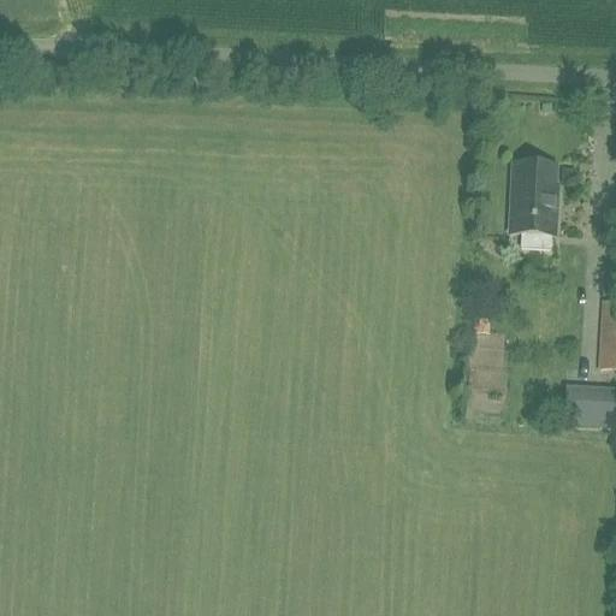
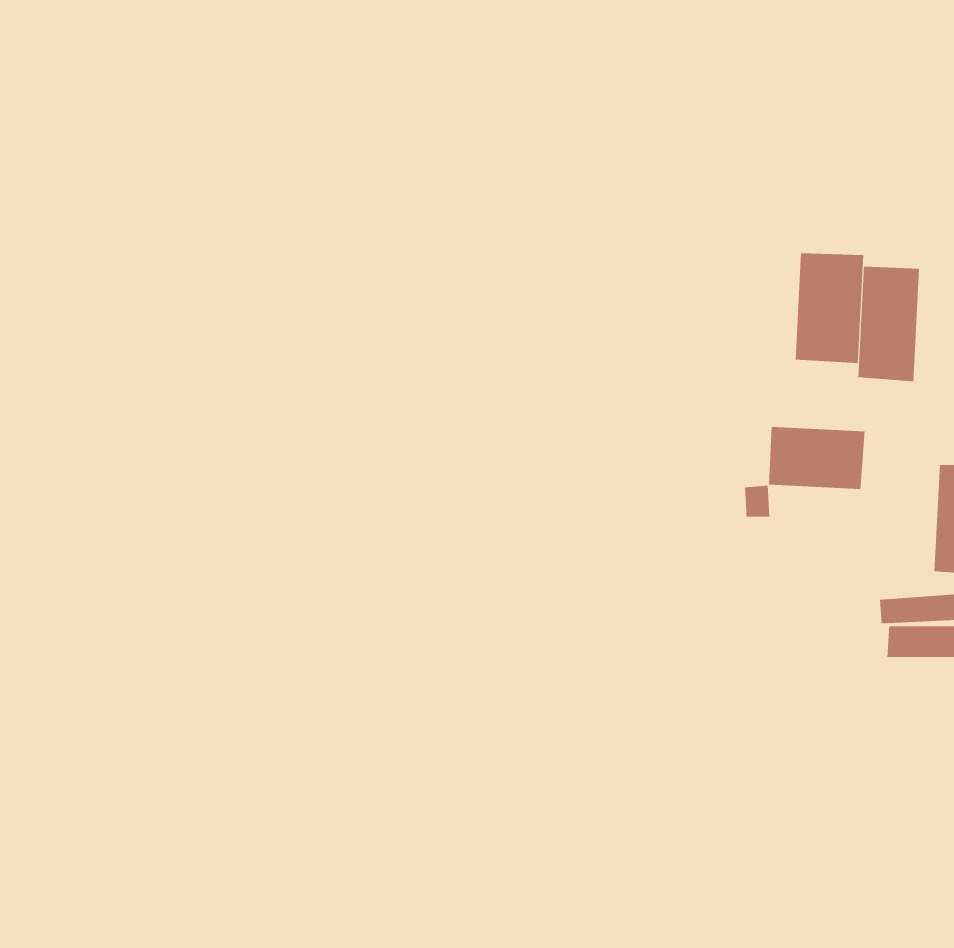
building: none -> [858,266,920,382]
building: none -> [768,426,865,490]

